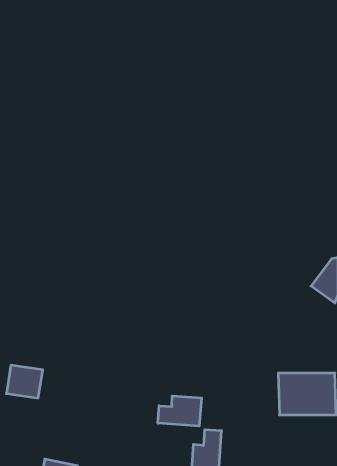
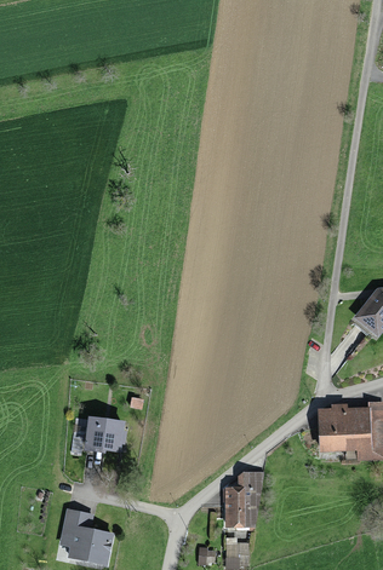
building: [6,365,43,398] -> [82,418,121,453]
building: [158,396,202,426] -> none

